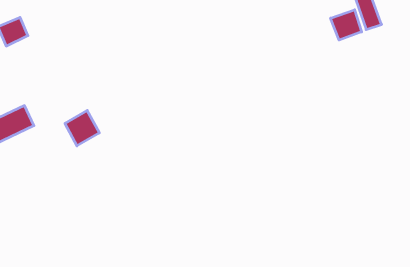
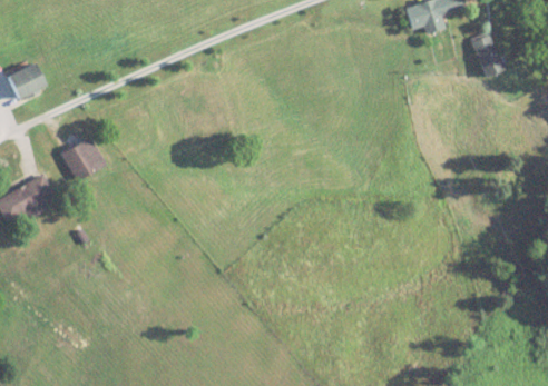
building: [331,10,362,40] -> none
building: [65,110,99,146] -> [60,137,105,182]

